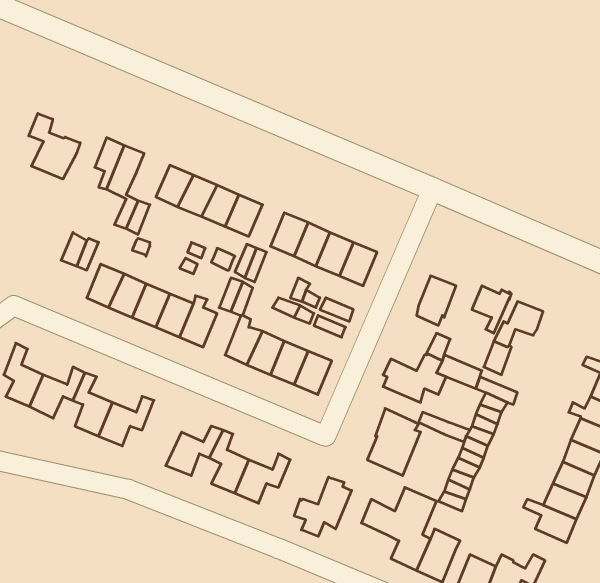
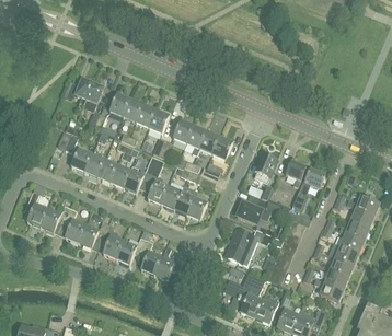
building: [29,113,80,179] -> none
building: none -> [102,223,124,259]
building: [294,477,352,536] -> none

